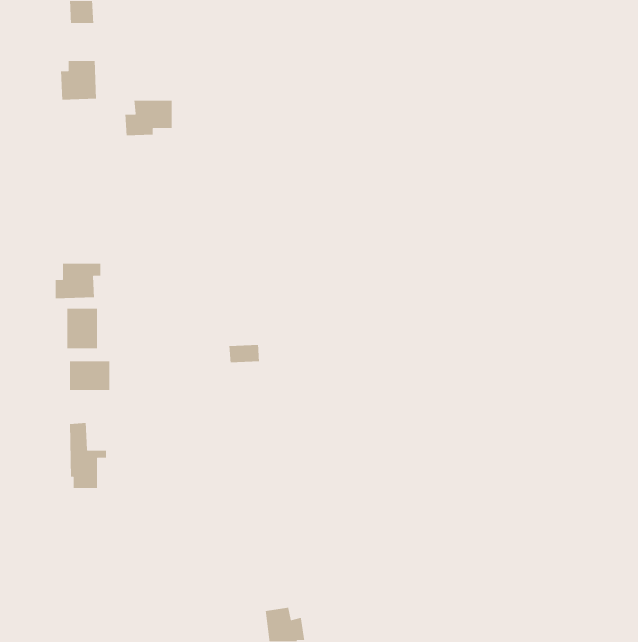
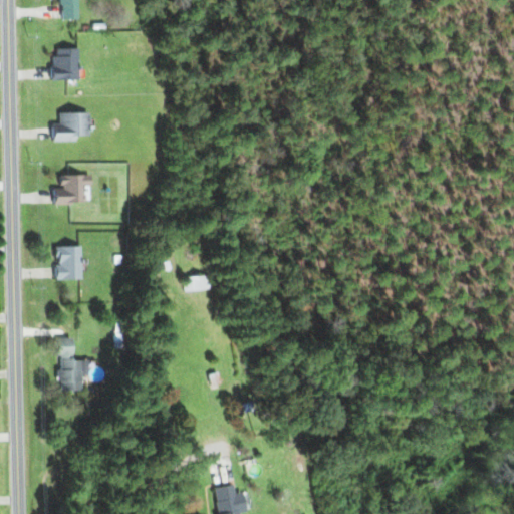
building: [125,100,172,136] -> [52,112,90,142]
building: [55,263,101,299] -> [54,175,91,204]
building: [69,361,110,391] -> none

